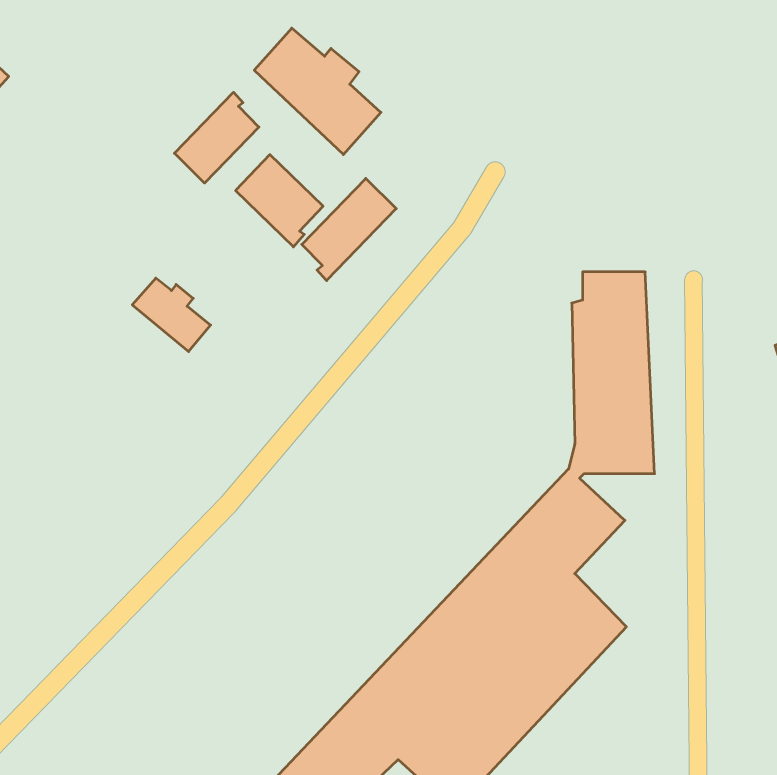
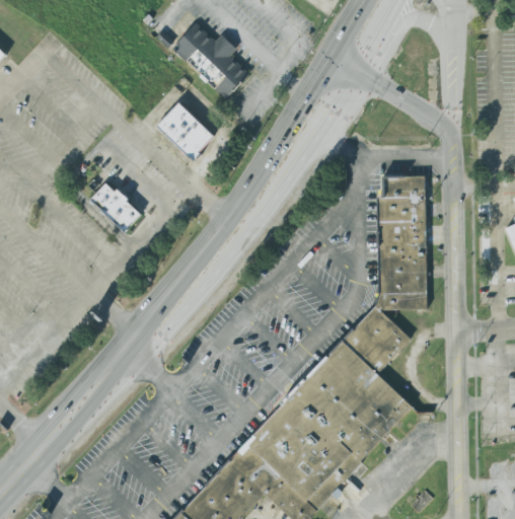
building: [174,92,259,183] -> none
building: [302,178,396,281] -> none

